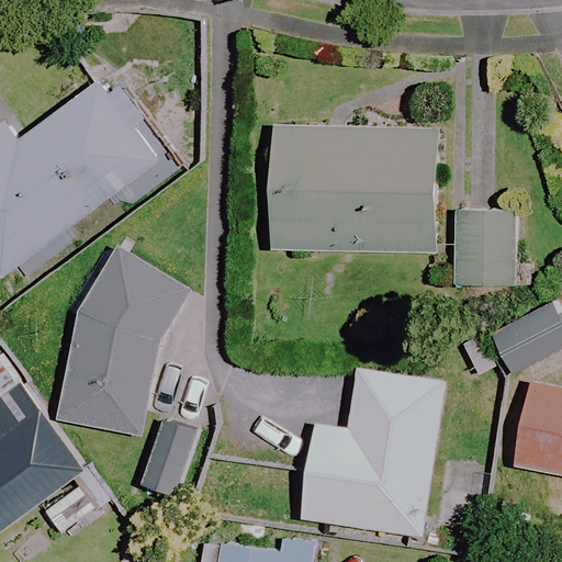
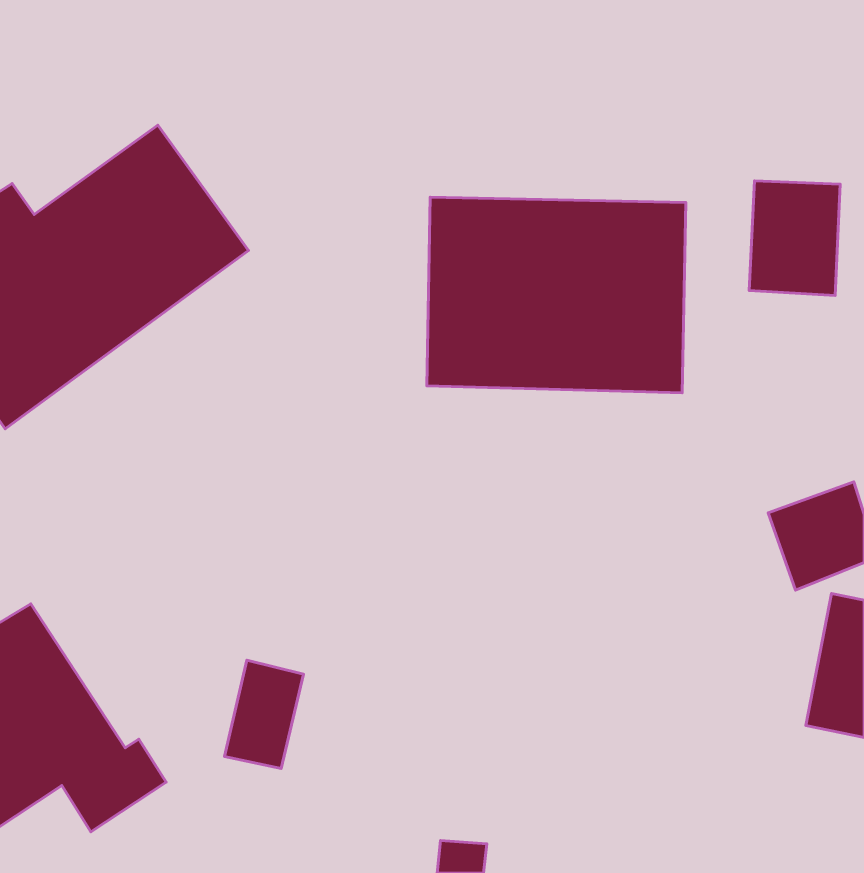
building: [454,210,513,283] -> [749,181,840,296]
building: [56,248,187,436] -> none
building: [306,369,420,527] -> none

